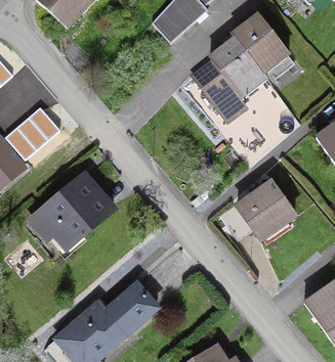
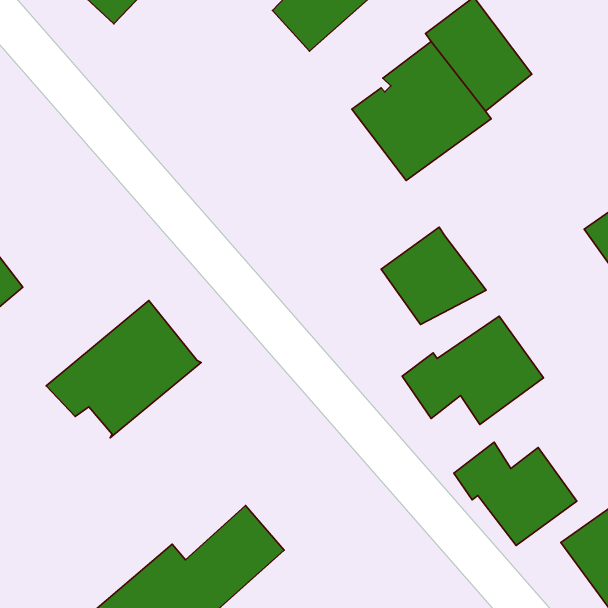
building: [11,117,55,162] -> none
building: none -> [381,227,486,325]
building: none -> [454,442,577,545]

